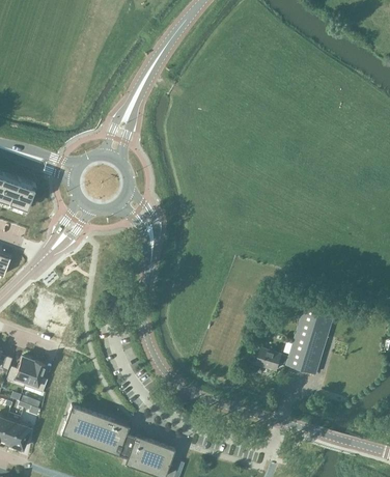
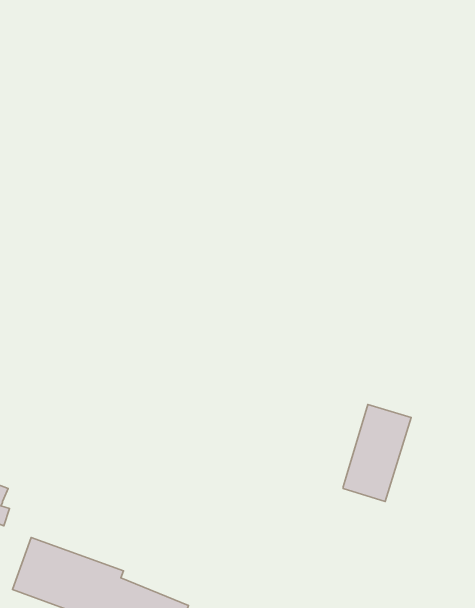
building: [256,349,288,371] -> none

